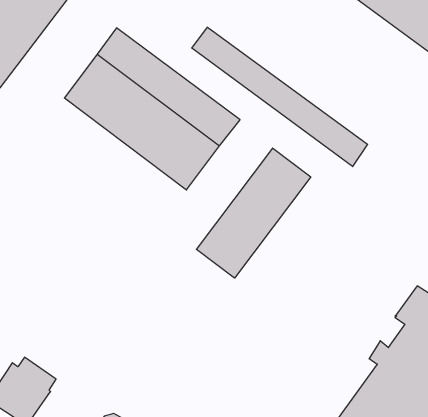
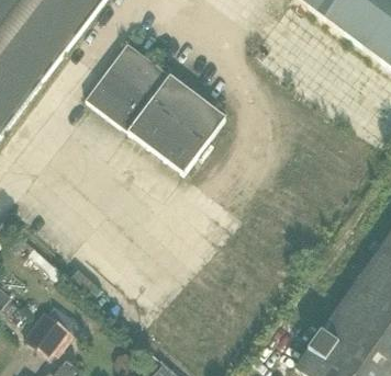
building: [192,27,368,167] -> none
building: [196,148,311,278] -> none

